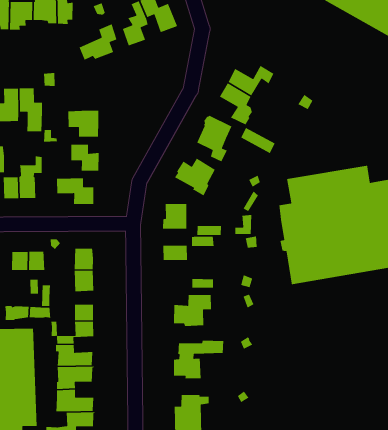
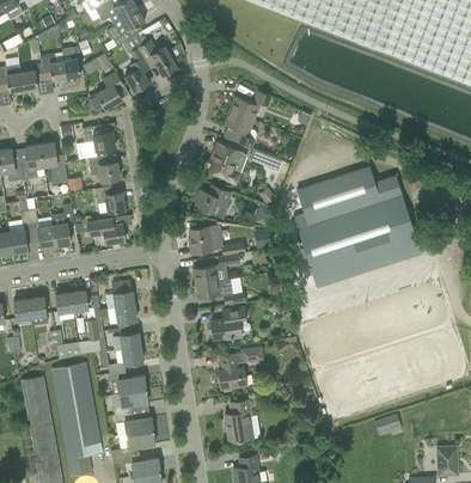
building: none -> [81,124,115,158]
building: none -> [195,279,232,299]

